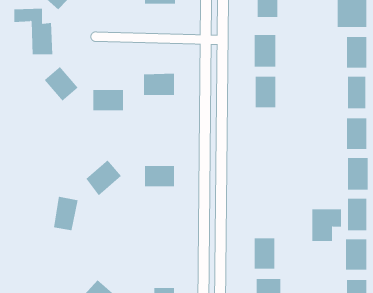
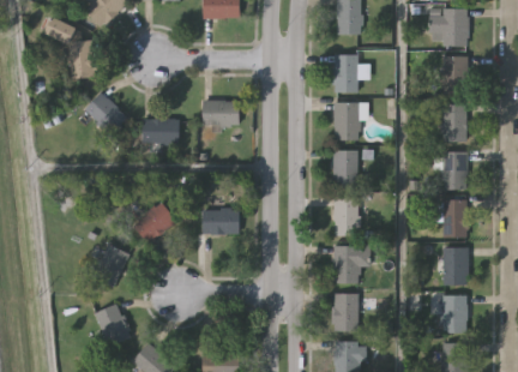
building: none -> [332,150,357,188]
building: none -> [332,198,357,235]
building: [311,209,342,241] -> [333,245,369,283]
building: none -> [94,304,130,346]

